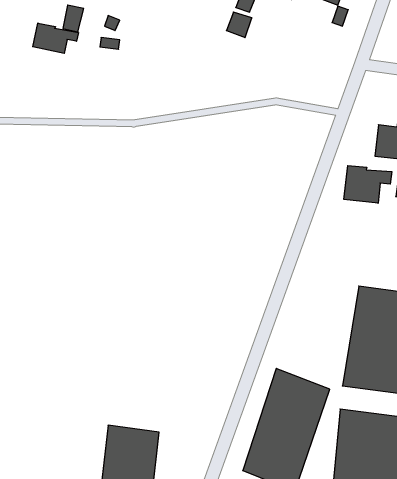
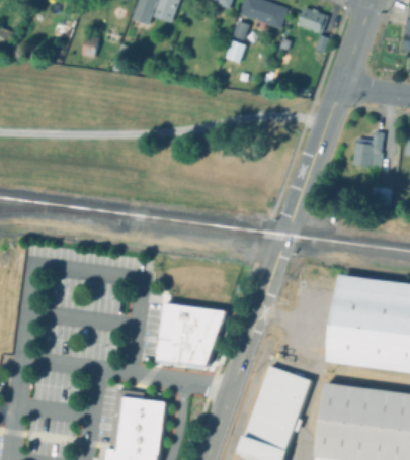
building: [33,23,78,53] -> none
building: [344,166,392,203] -> none
building: none -> [157,302,227,365]

